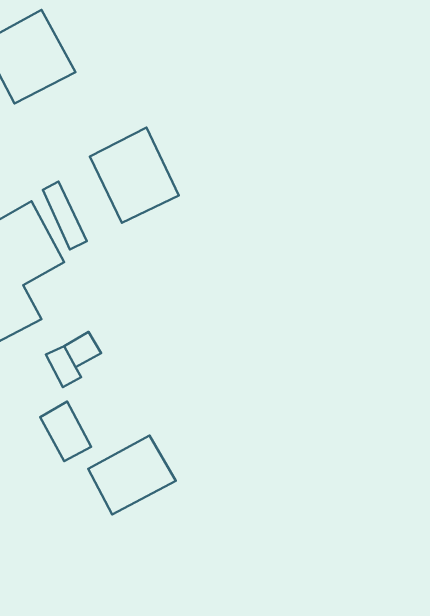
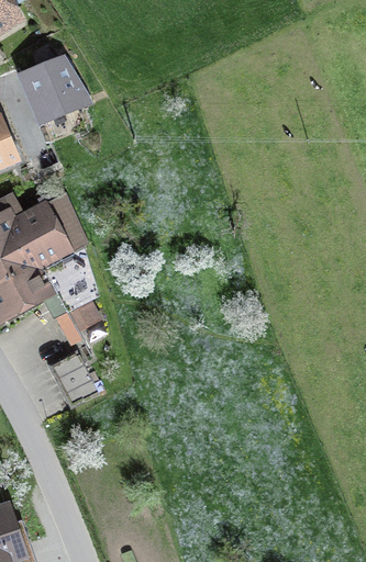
building: [90,127,179,223] -> none
building: [88,436,176,515] -> none

